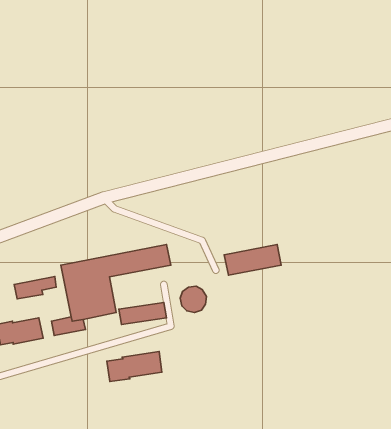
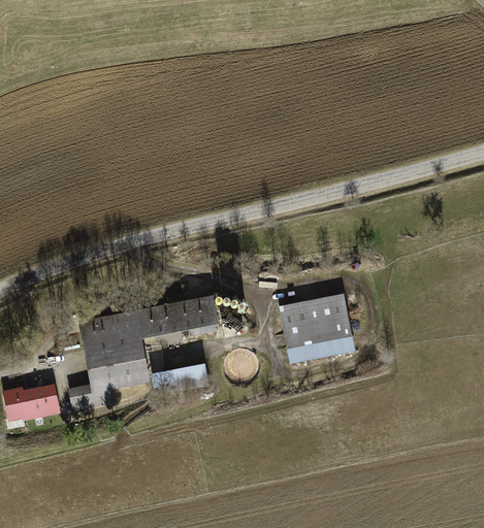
building: none -> [284,322,352,358]
building: [14,277,56,299] -> none
building: [107,352,162,382] -> none

